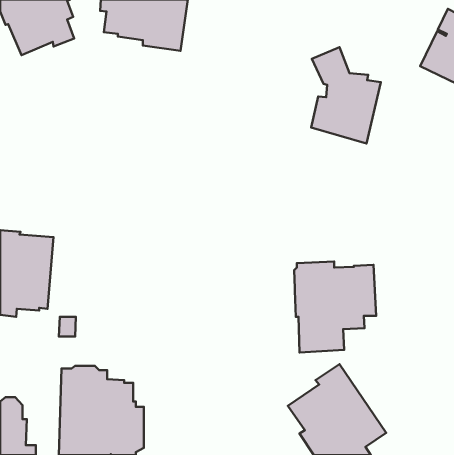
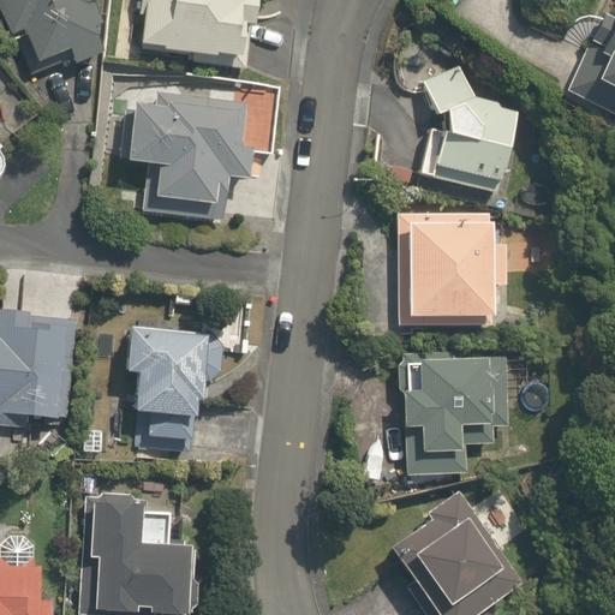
building: none -> [120,92,252,219]
building: none -> [399,213,507,324]
building: none -> [130,323,223,450]

